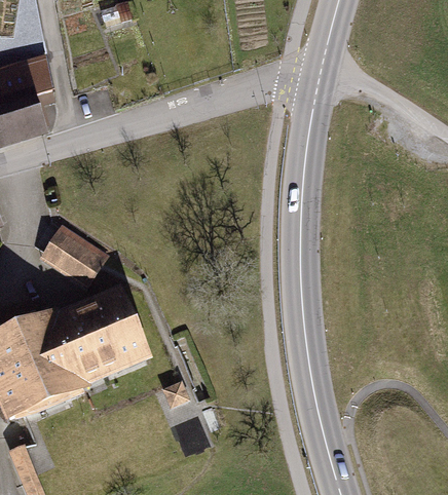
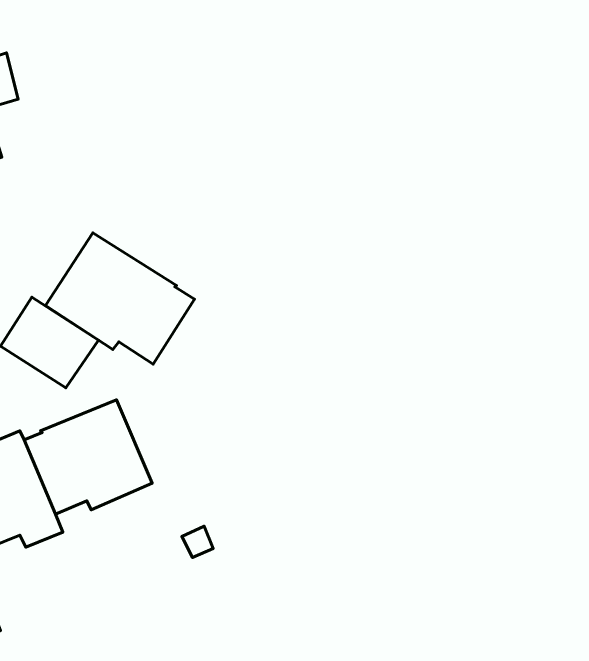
building: none -> [46,233,195,364]

